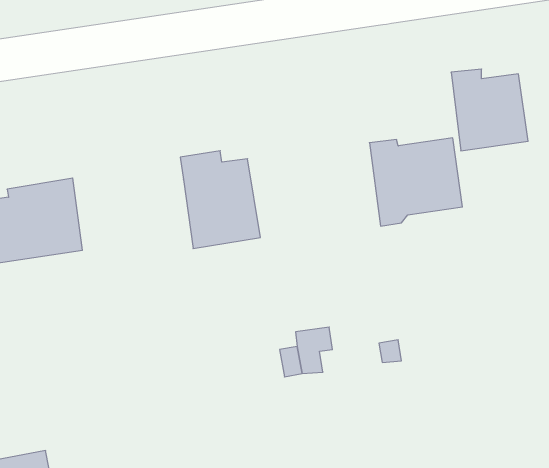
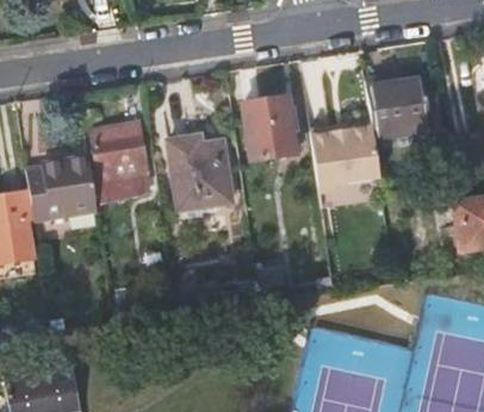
building: none -> [244,99,297,161]
building: none -> [93,126,148,206]

